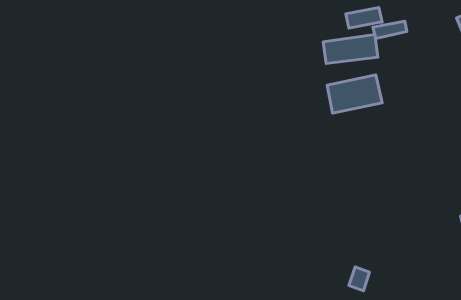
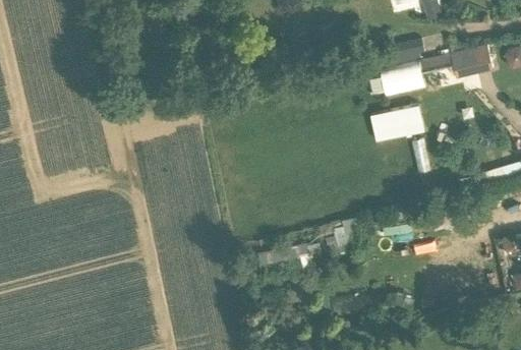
building: none -> [451,46,494,80]

